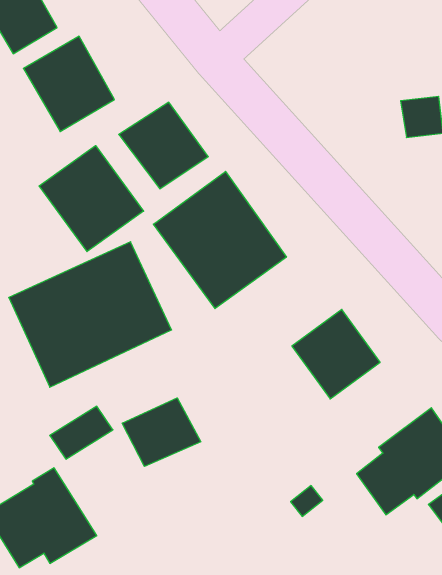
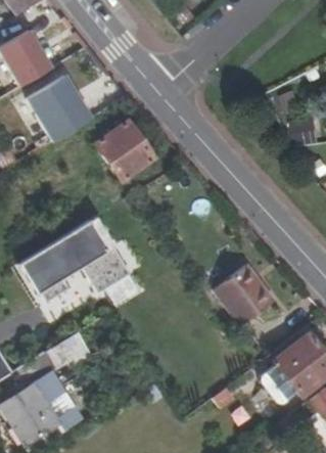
building: [39,146,144,252] -> none
building: [153,171,286,309] -> none
building: [122,398,201,466] -> none

